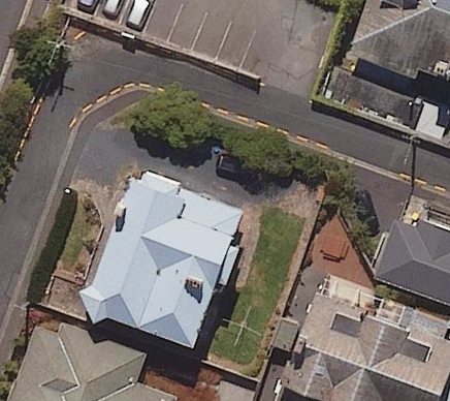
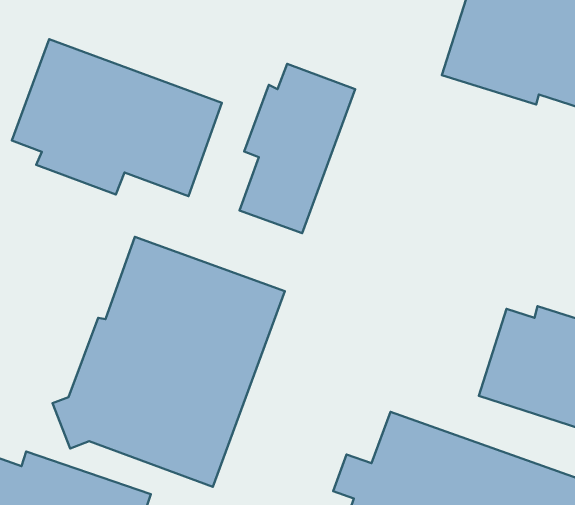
building: none -> [12,39,222,196]
building: none -> [239,64,355,233]

